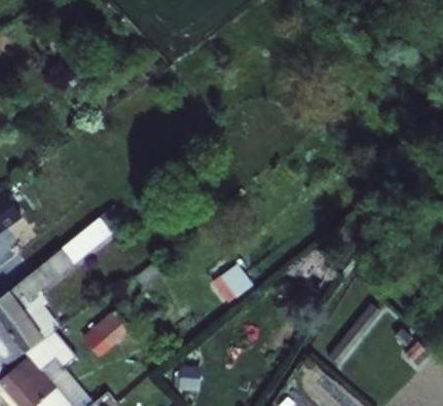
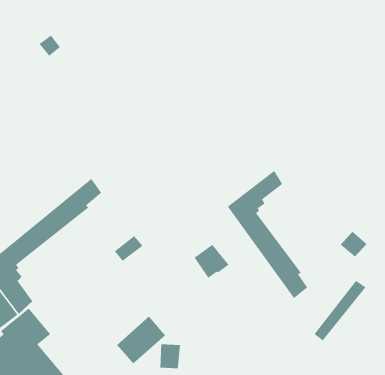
building: none -> [227,170,308,299]
building: [82,309,131,357] -> [116,315,166,364]

